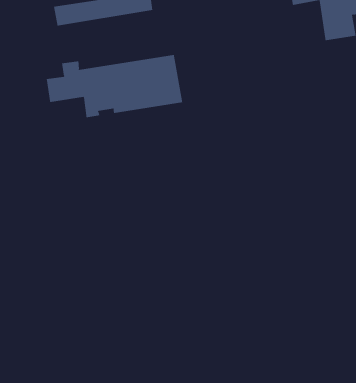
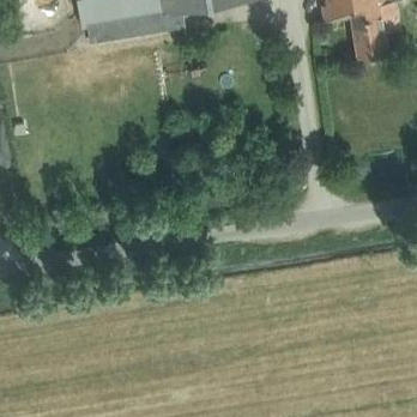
building: [46,54,183,118] -> none

